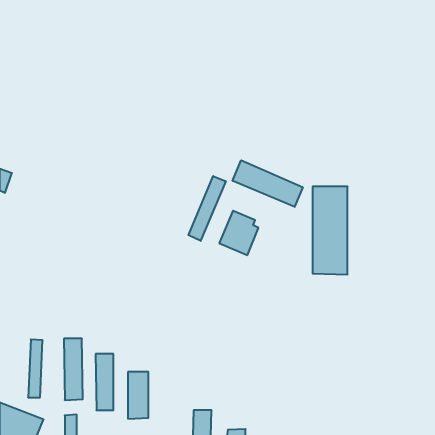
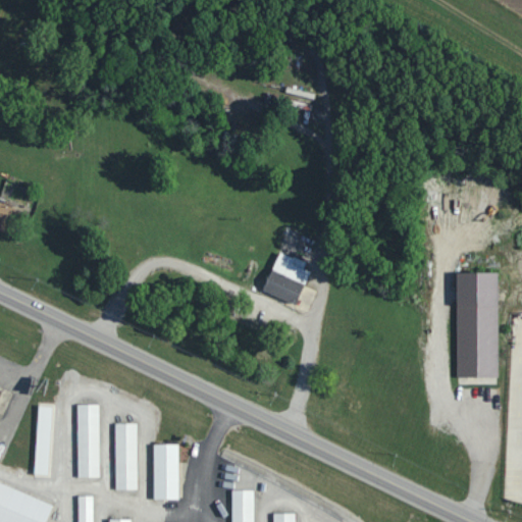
building: [233,160,303,207] -> none
building: [188,176,226,241] -> none
building: [313,187,348,274] -> [456,274,498,379]

